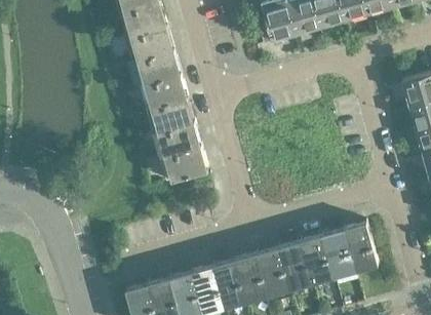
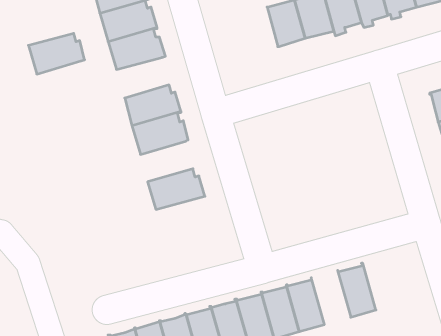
building: [132,51,181,86] -> [28,33,85,74]
building: [153,123,201,158] -> none
building: [344,222,378,268] -> none
building: [300,234,334,280] -> none

